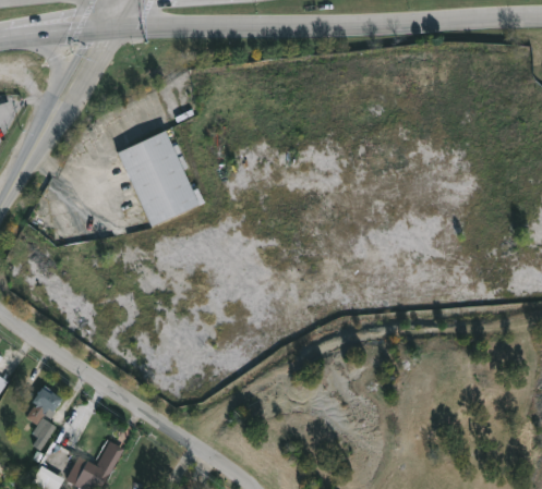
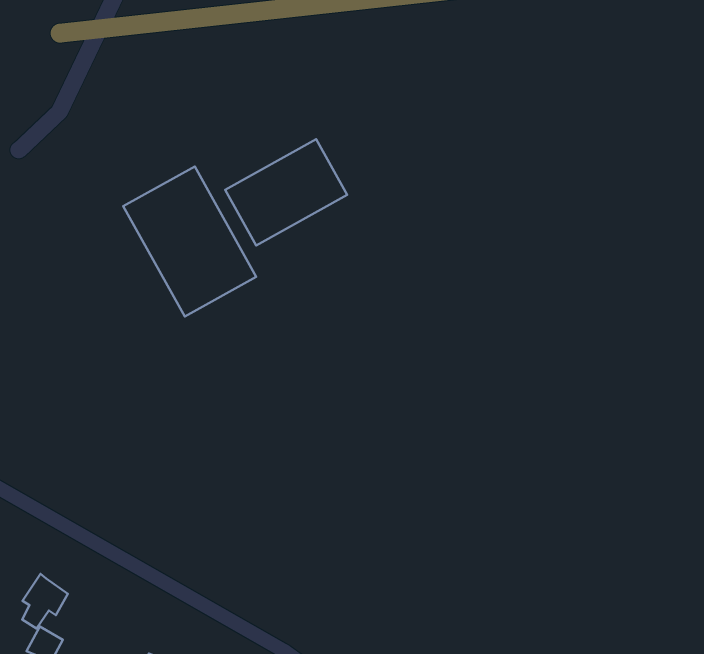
building: none -> [225,139,347,246]

